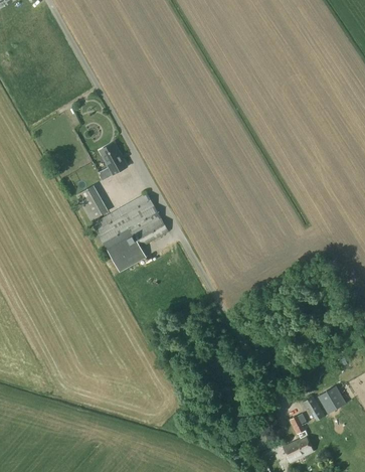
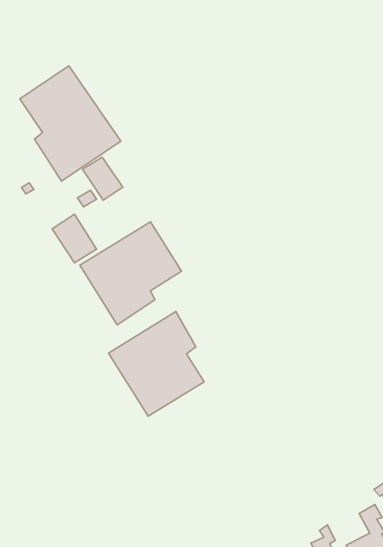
building: none -> [20,66,121,181]
building: none -> [108,311,204,416]

